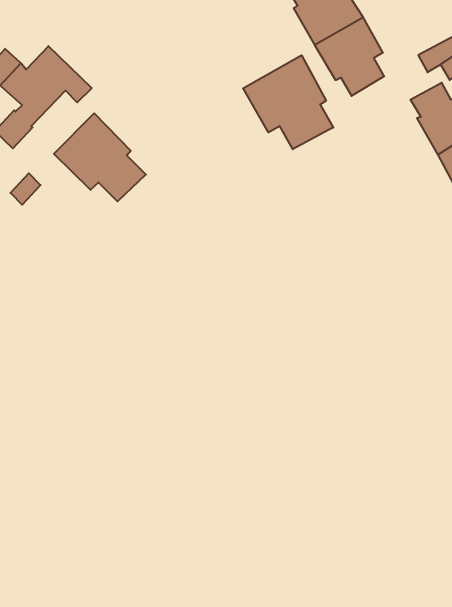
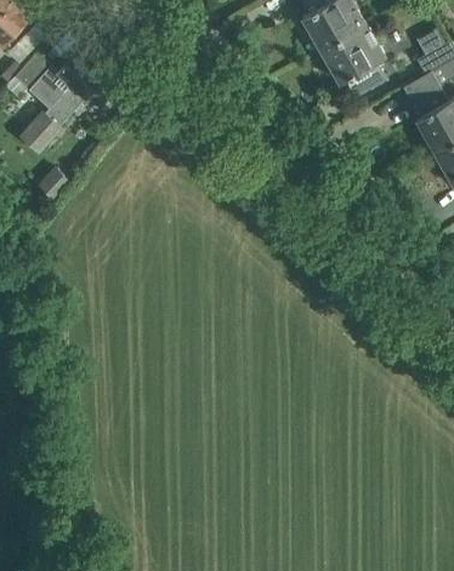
building: [243,55,333,149] -> none
building: [54,113,146,201] -> none

